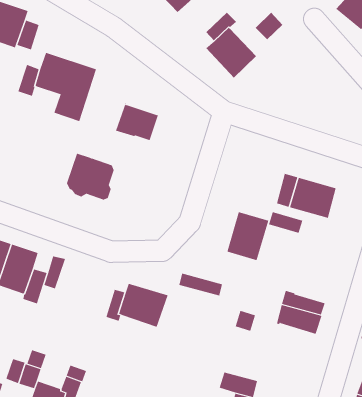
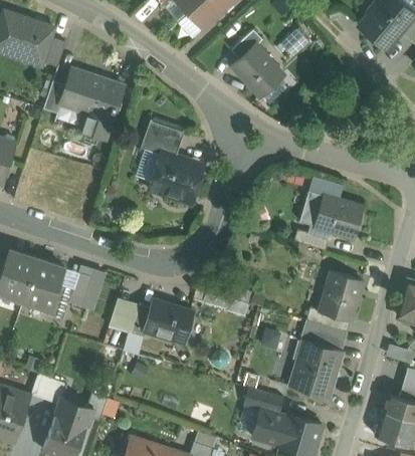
building: [66,153,115,200] -> [151,153,199,200]
building: [227,211,269,261] -> [321,270,363,319]
building: none -> [110,298,140,332]
building: none -> [290,339,342,398]

